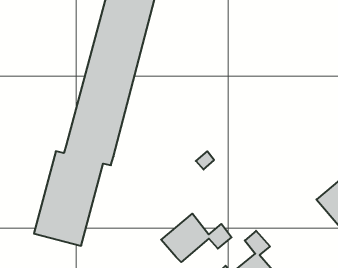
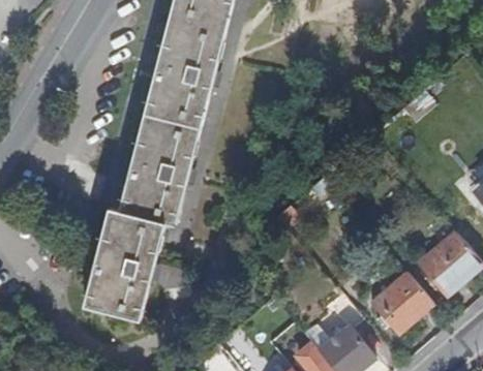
building: none -> [368,273,431,335]
building: [161,214,232,262] -> none

